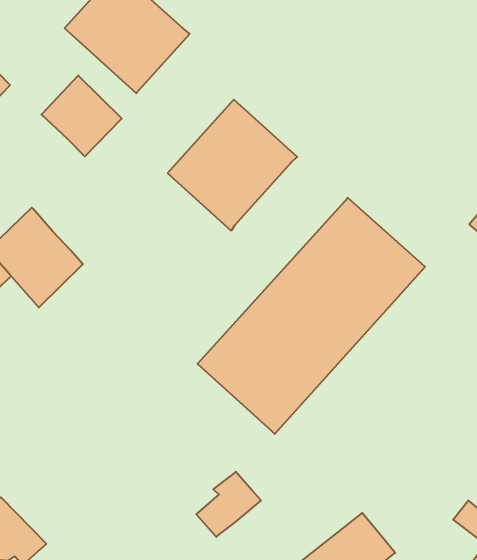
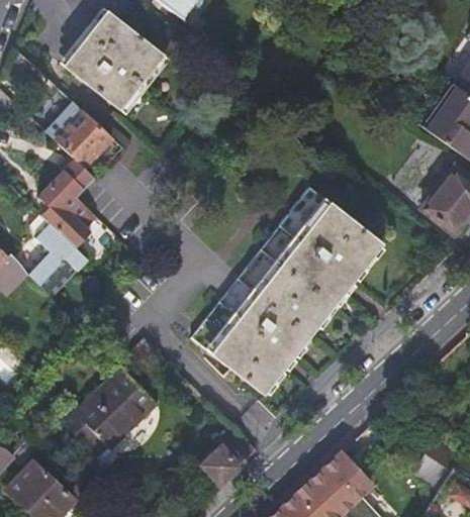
building: [168,100,297,231] -> none
building: none -> [40,153,99,248]
building: none -> [59,370,157,451]

